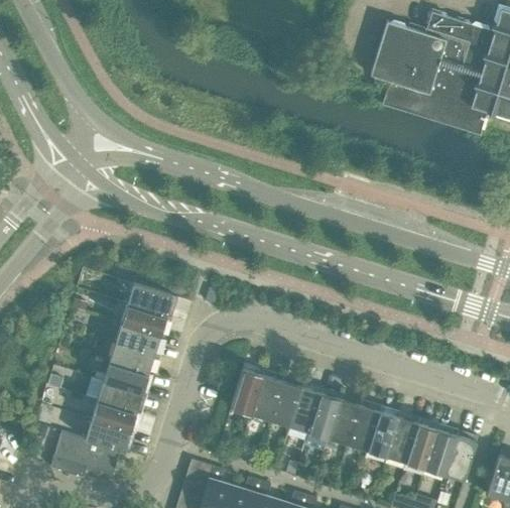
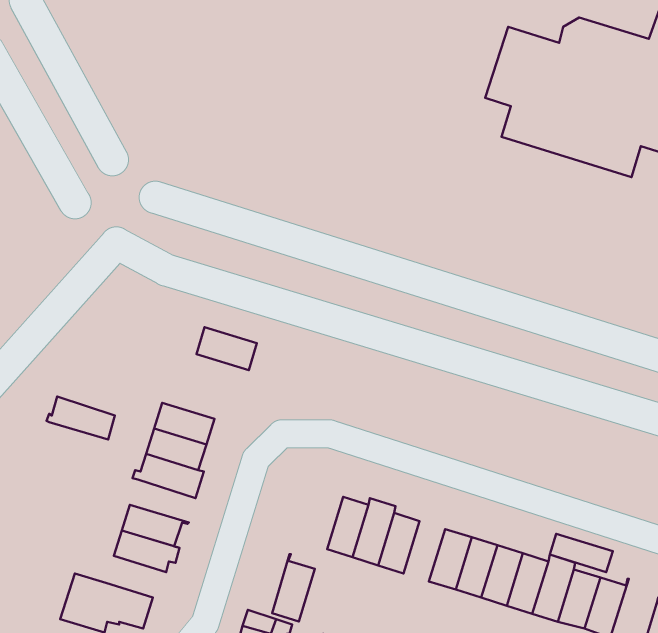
building: [127,284,172,316] -> [196,327,257,370]
building: [101,362,152,394] -> [47,397,115,440]
building: [231,364,263,414] -> [272,554,315,621]
building: [308,388,342,438] -> none
building: none -> [550,534,613,572]
building: [85,419,130,453] -> none

